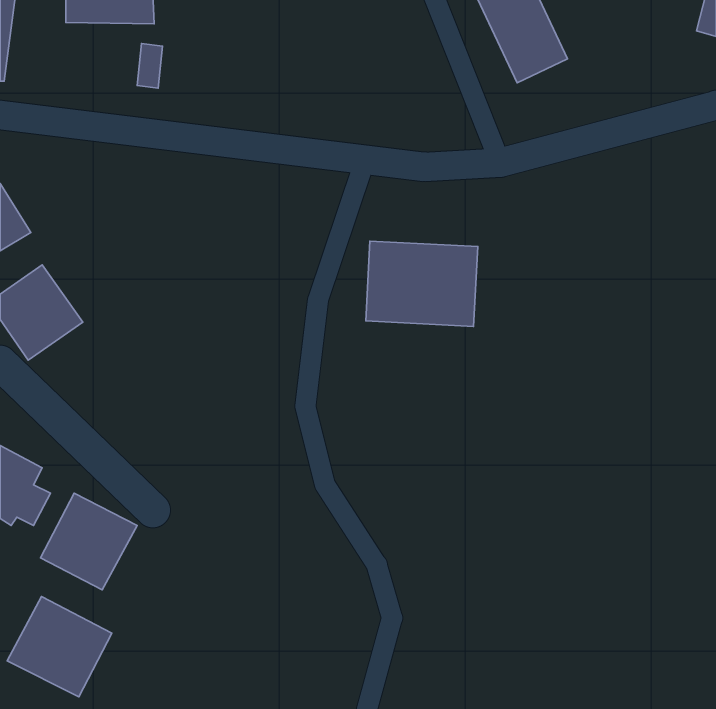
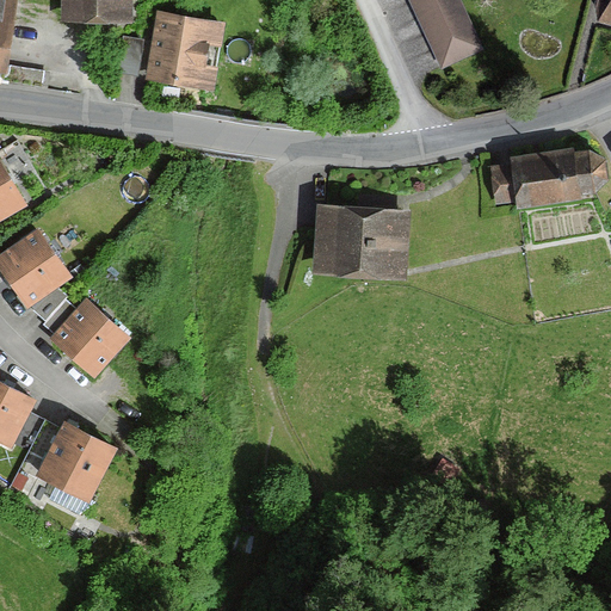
building: none -> [147,11,223,88]
building: none -> [489,148,605,209]
building: none -> [48,297,129,377]
building: [7,596,112,697] -> none

